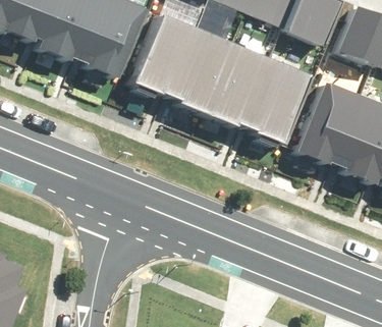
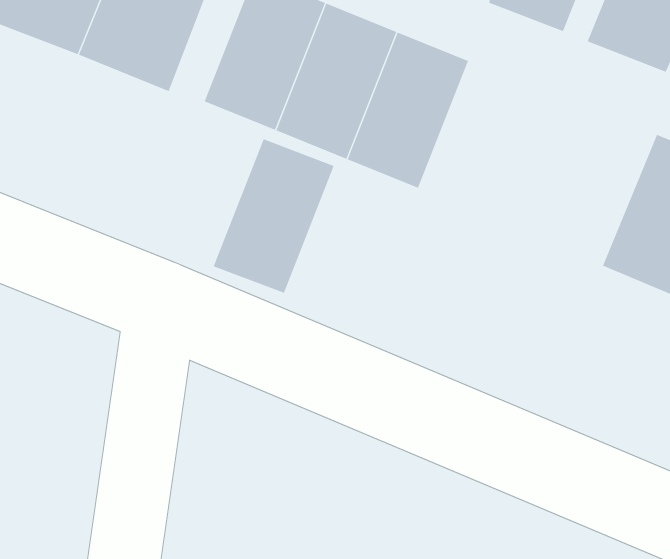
building: [247,61,311,143] -> [213,139,335,293]
building: [294,79,372,169] -> none

